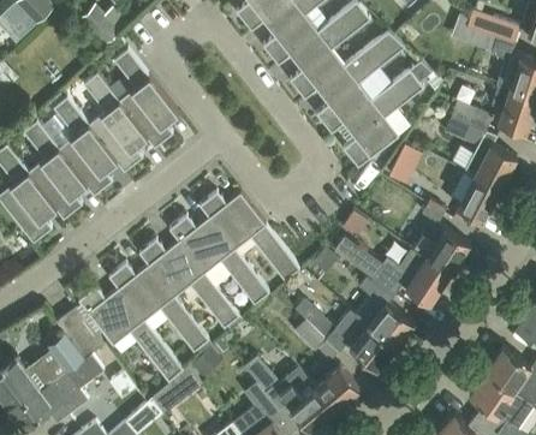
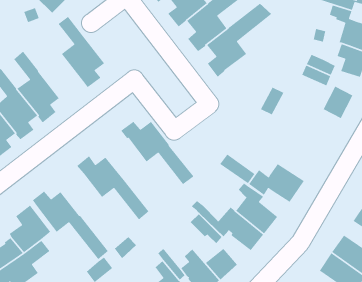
building: [343,61,433,167] -> none
building: [84,73,148,172] -> none
building: [458,177,500,222] -> none
building: [413,203,470,274] -> none
building: [169,215,269,304] -> none
building: [109,263,209,352] -> none

